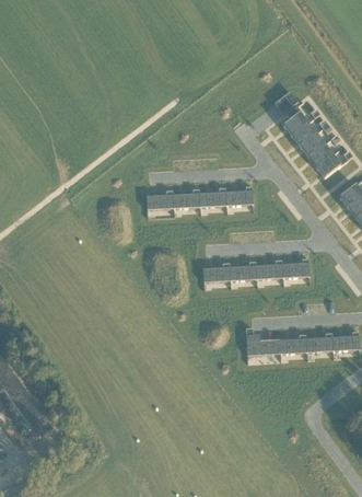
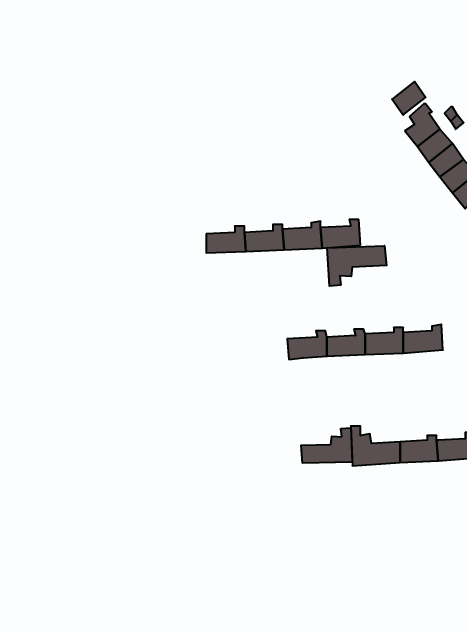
building: none -> [327,246,387,286]
building: none -> [301,428,352,463]

